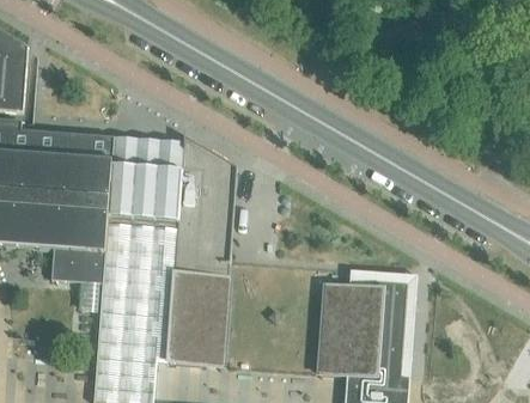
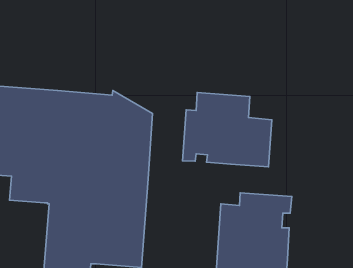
building: none -> [182,92,272,167]

